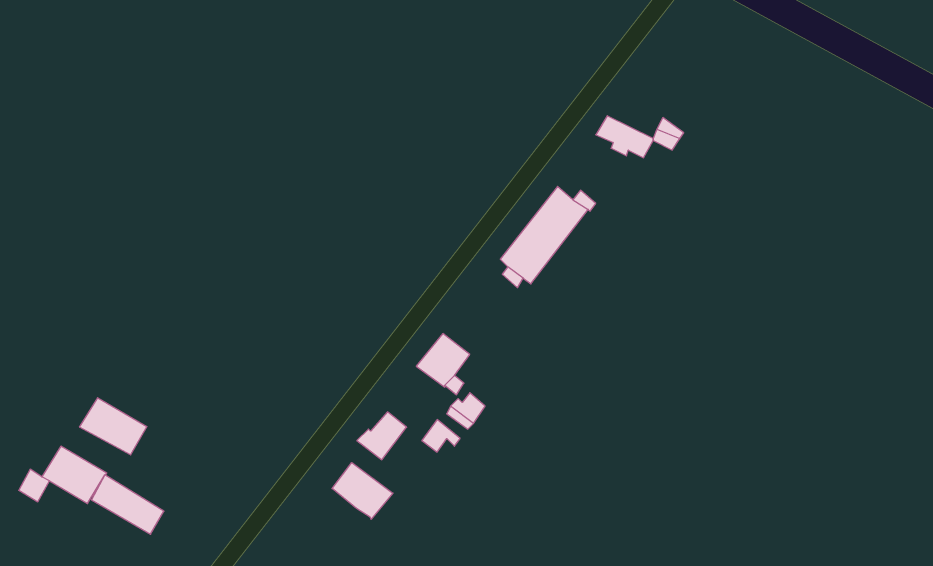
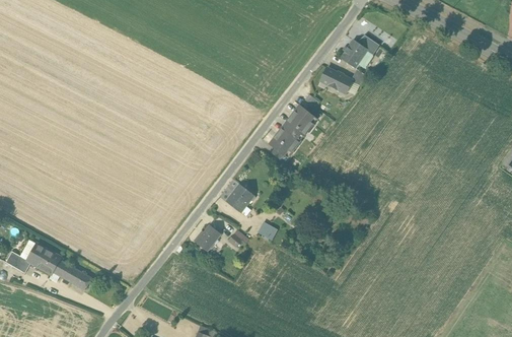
building: none -> [340,36,378,68]
building: [80,398,147,455] -> none
building: [332,463,393,519] -> none

